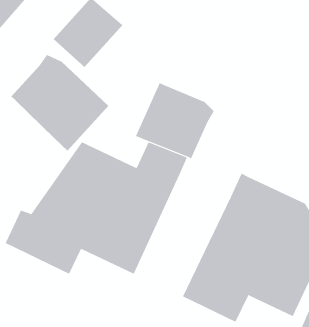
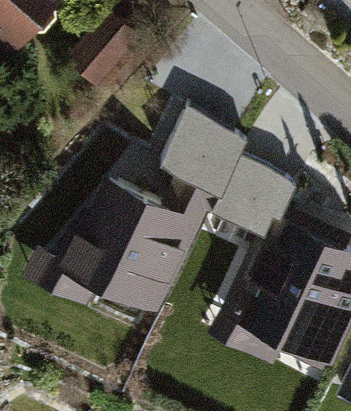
building: [11,54,109,151] -> none
building: none -> [209,153,296,234]

